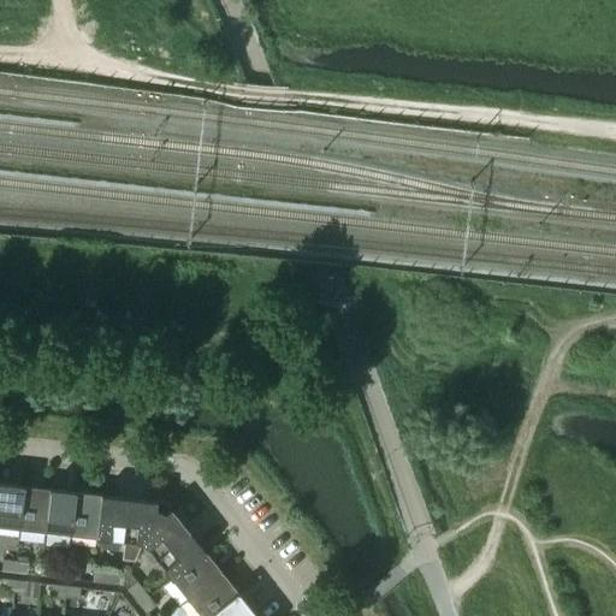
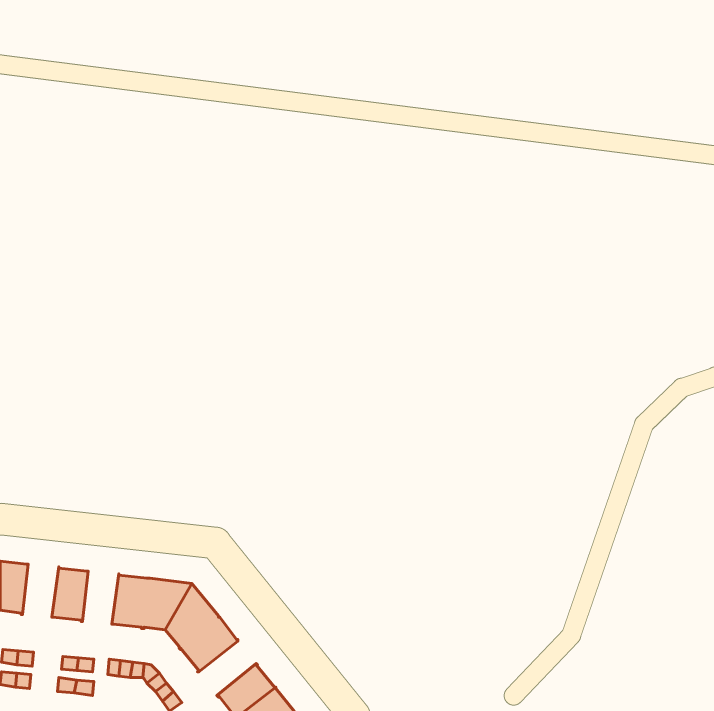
building: [20,488,52,534] -> none
building: [72,494,103,540] -> none
building: [172,555,221,602] -> none

